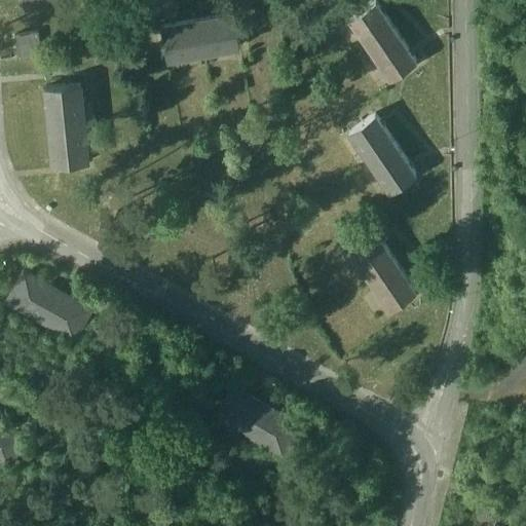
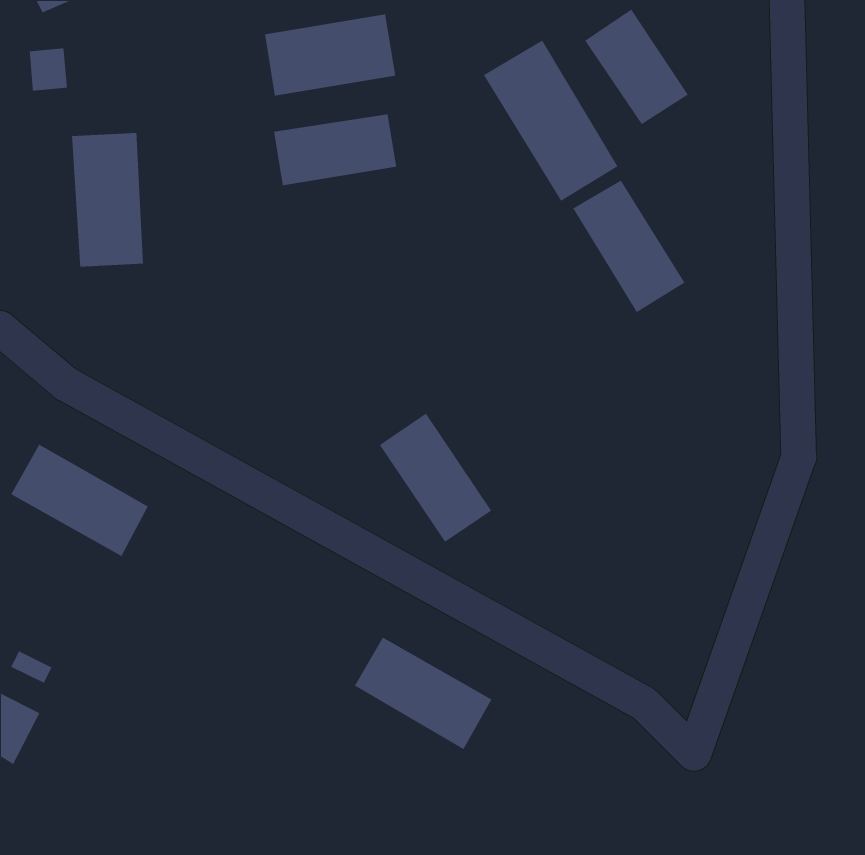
building: none -> [483,39,618,202]
building: none -> [273,114,397,186]
building: [348,234,417,313] -> [379,413,492,543]

